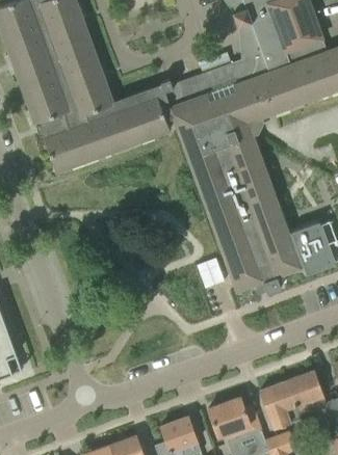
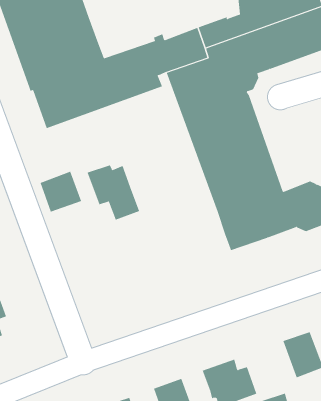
building: none -> [87,165,140,220]
building: none -> [40,171,82,212]
building: [260,380,301,426] -> none

